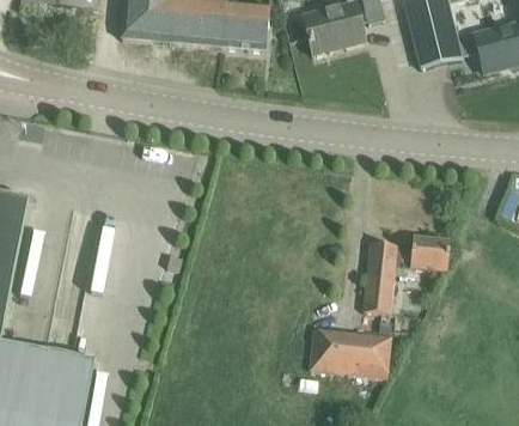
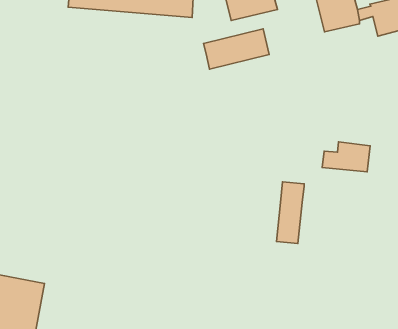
building: none -> [204,29,269,69]
building: [395,235,451,269] -> [322,142,370,172]
building: [310,328,392,377] -> none

